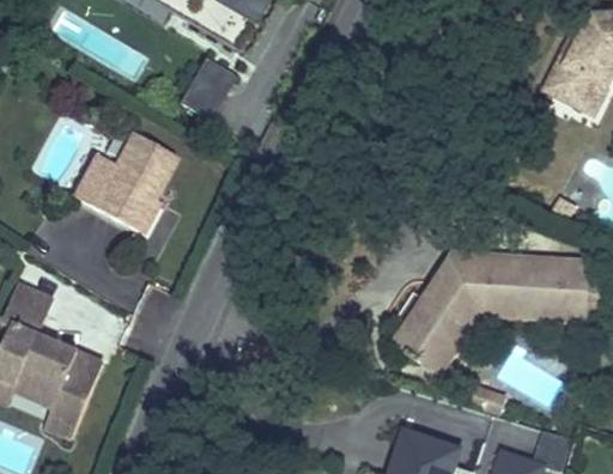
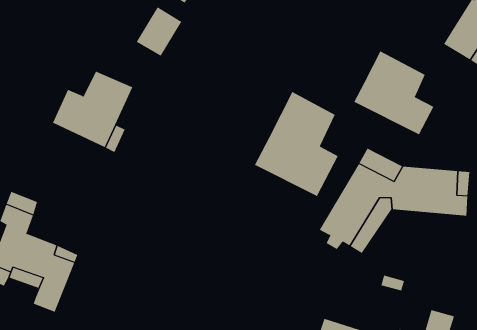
building: none -> [354,50,434,135]
building: none -> [254,91,338,197]

